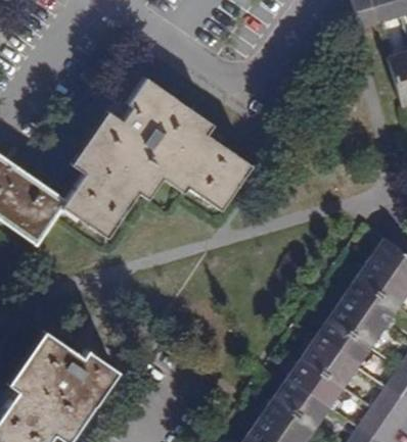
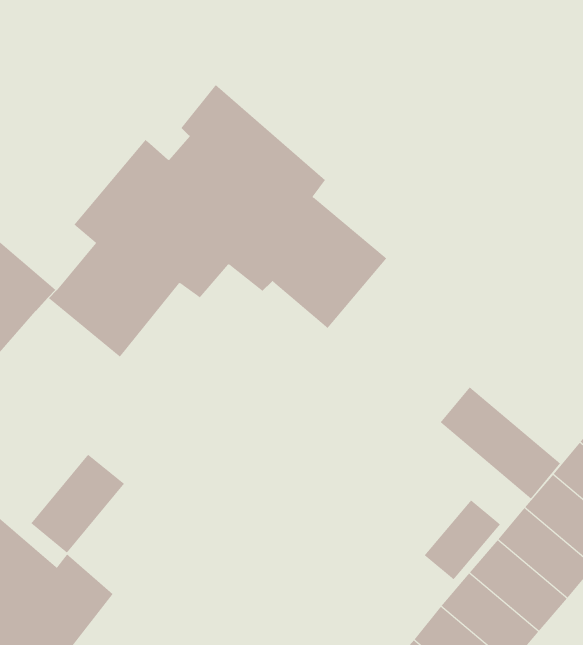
building: none -> [440,386,561,499]
building: none -> [30,454,125,553]
building: none -> [424,499,501,580]

